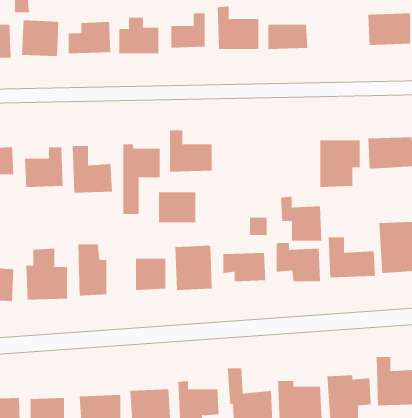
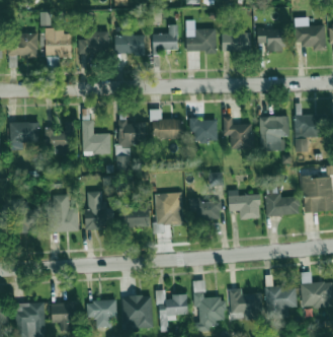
building: none -> [256,28,287,51]
building: [158,192,196,223] -> [189,120,217,142]
building: [280,196,322,241] -> [223,117,253,149]

